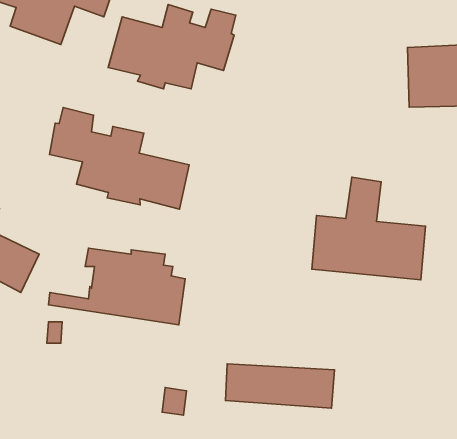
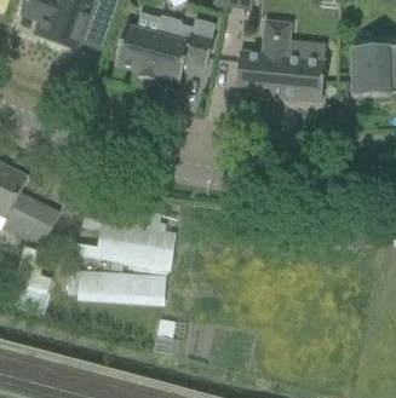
building: [50,108,189,209] -> none
building: [312,177,426,280] -> [235,21,325,102]
building: [226,364,335,408] -> [79,271,165,306]

